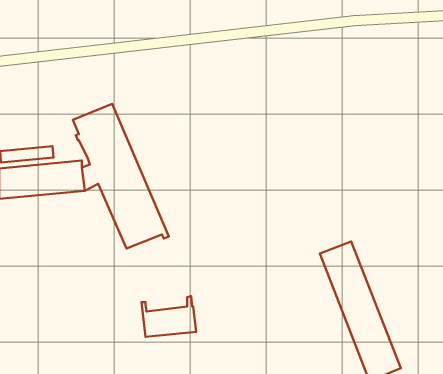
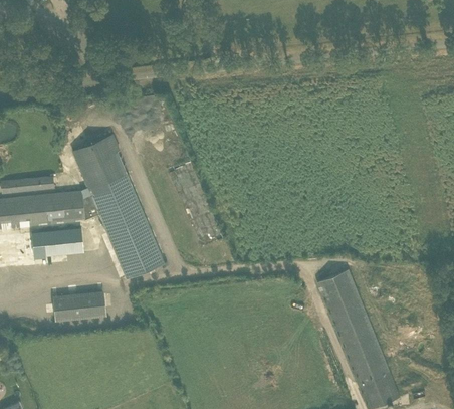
building: none -> [30,228,82,258]
building: [142,296,196,337] -> [51,281,105,322]

